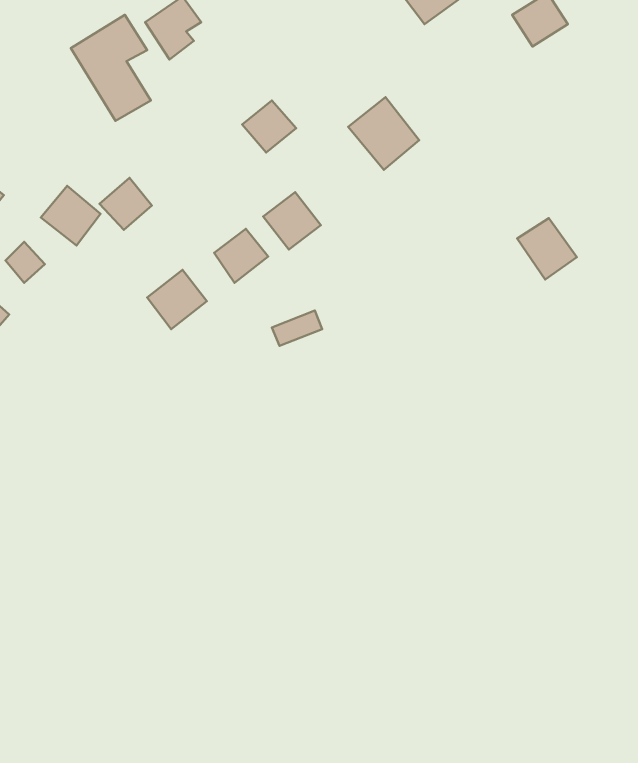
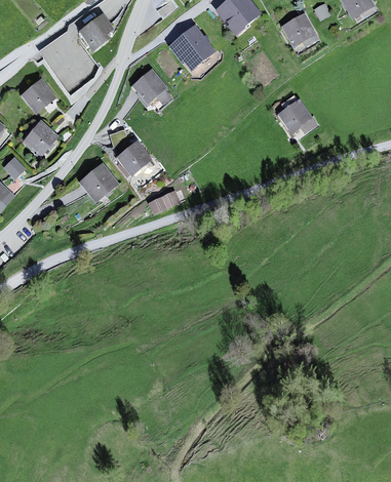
building: [348,97,419,170] -> [174,30,213,70]
building: [100,178,152,230] -> [24,81,52,110]
building: [263,192,321,250] -> none
building: [517,218,577,279] -> [281,104,314,137]

